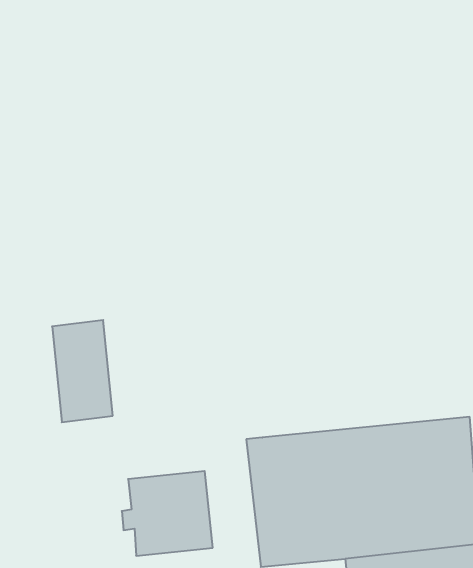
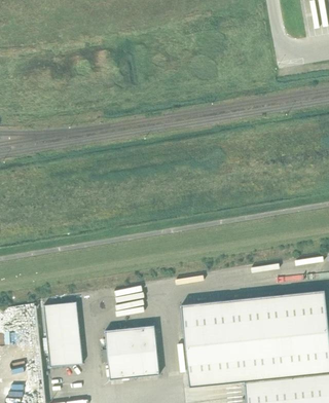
building: [52,320,113,422] -> [44,301,83,367]

